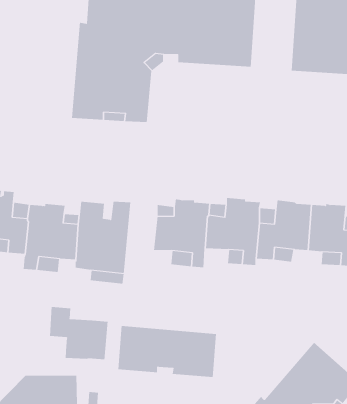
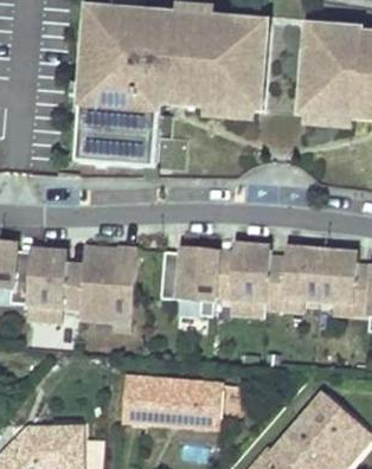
building: [49,306,108,360] -> none

